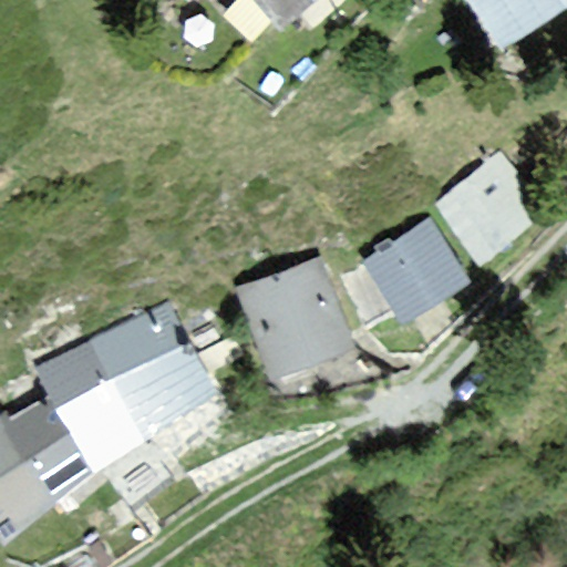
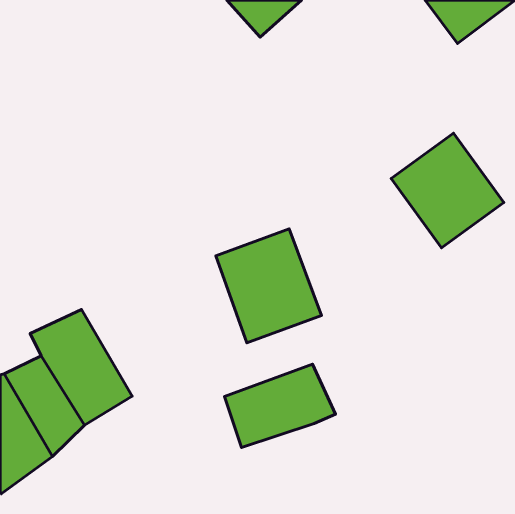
building: [367,221,466,319] -> none
building: [90,301,213,436] -> none
building: none -> [224,364,335,447]

